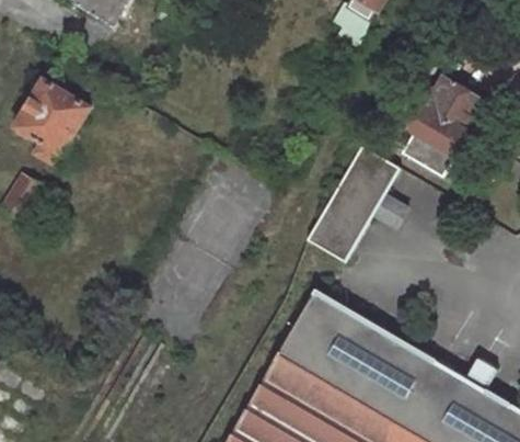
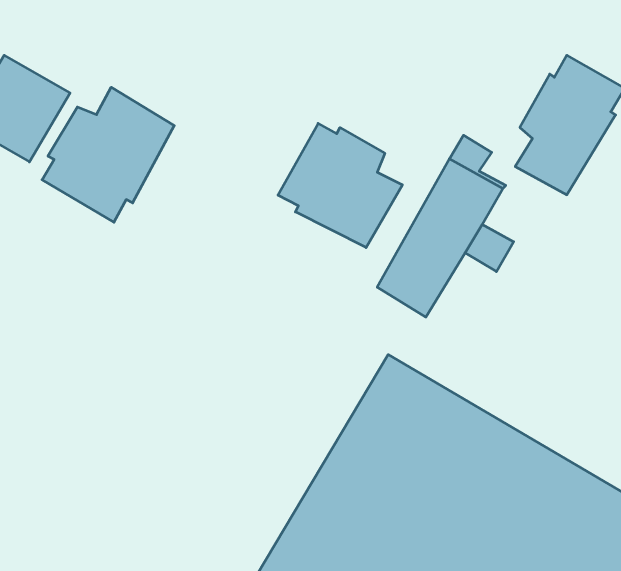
building: none -> [42,87,174,222]
building: none -> [278,123,402,248]

